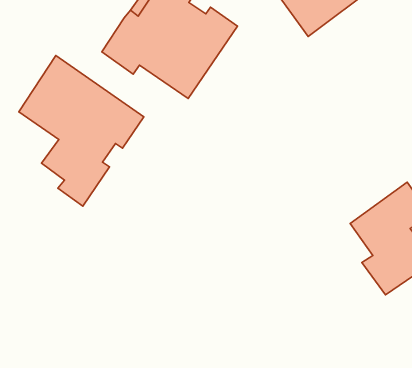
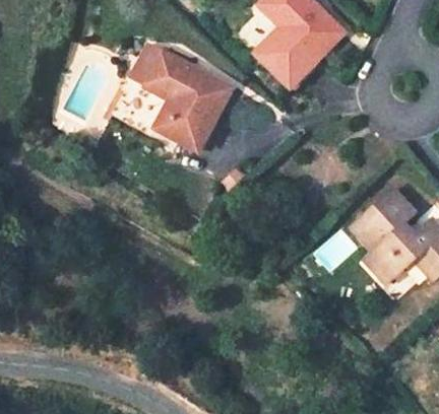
building: [19,56,144,206] -> none

